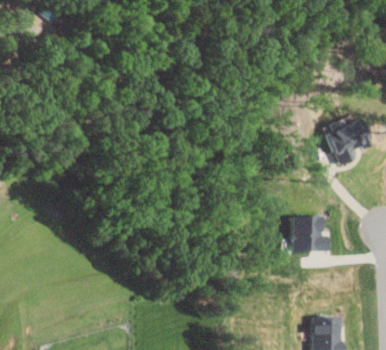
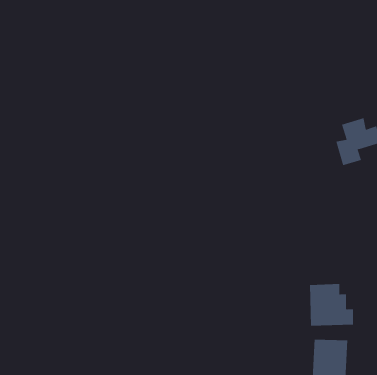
building: [291,214,330,251] -> [309,284,354,326]

